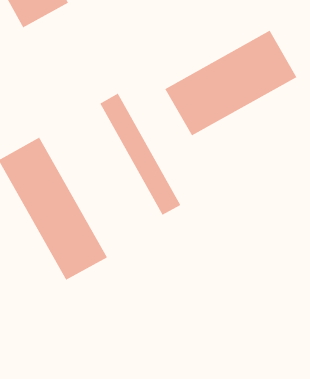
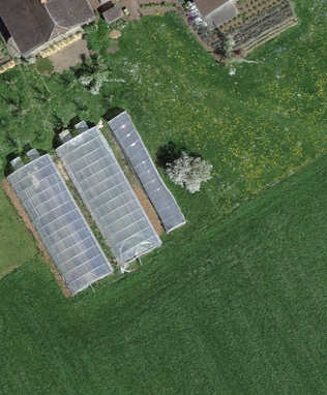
building: [164,30,297,136] -> none
building: none -> [56,124,161,267]

